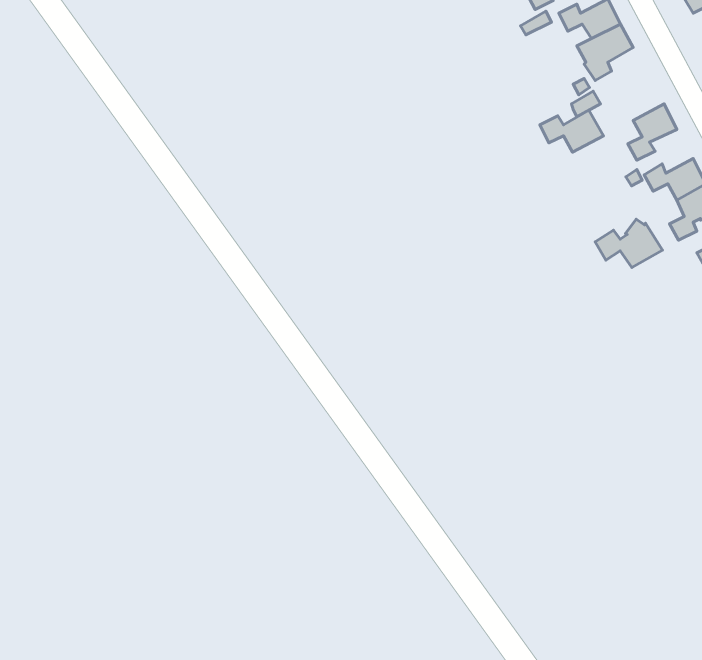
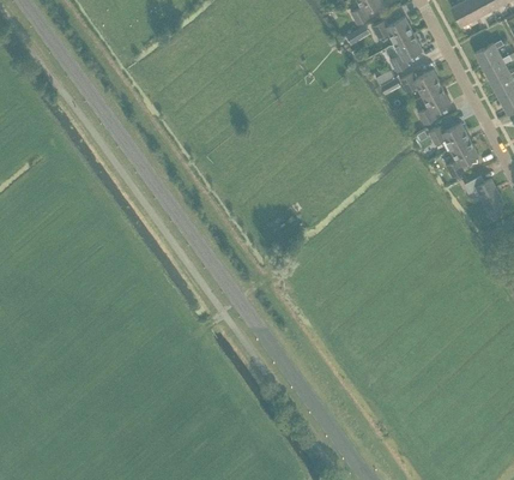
building: [540,110,603,152] -> [400,71,442,98]
building: [595,219,663,268] -> none

